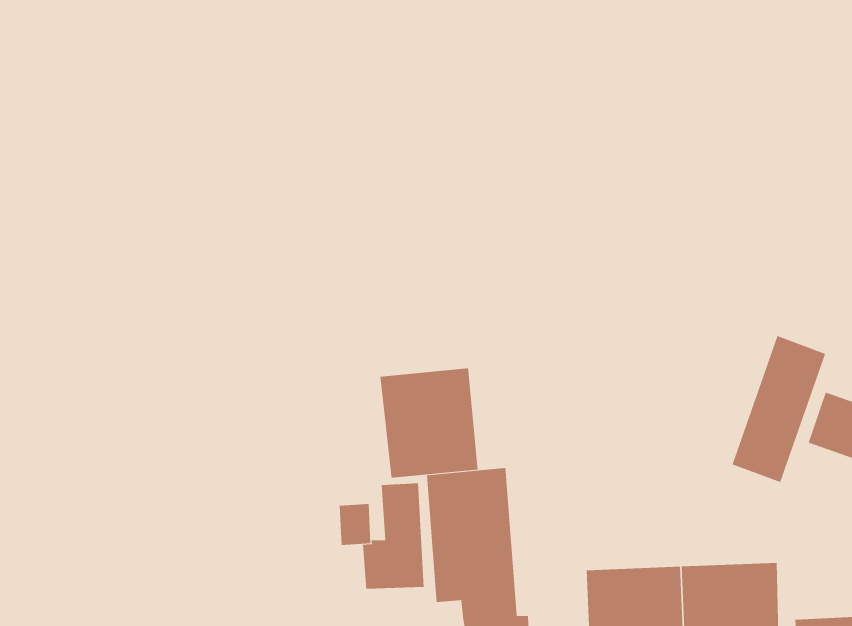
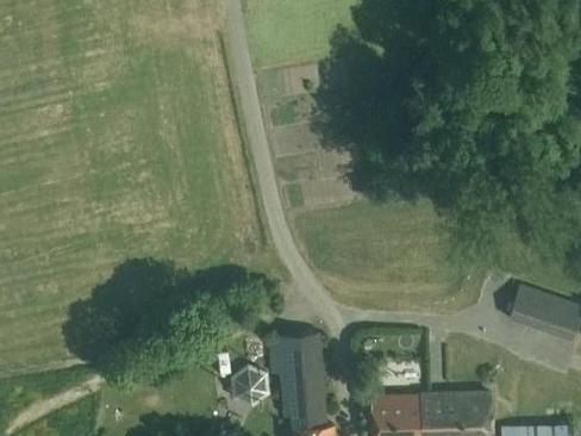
building: [732,335,826,483] -> none
building: [380,368,478,478] -> none

